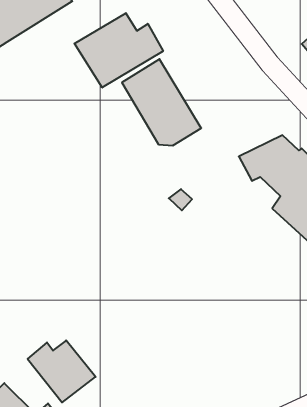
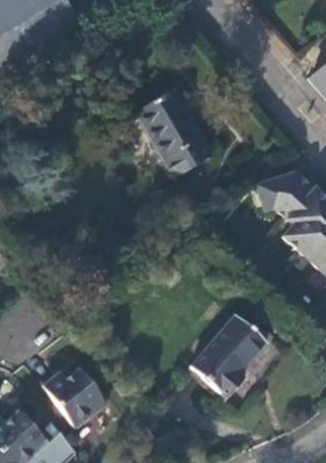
building: [74,13,163,88] -> none
building: none -> [188,309,271,398]

